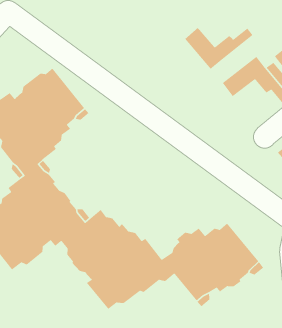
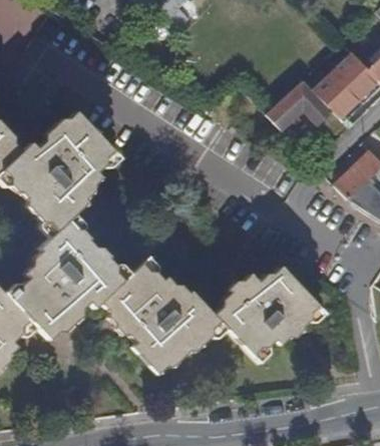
building: [184,27,253,70] -> none

